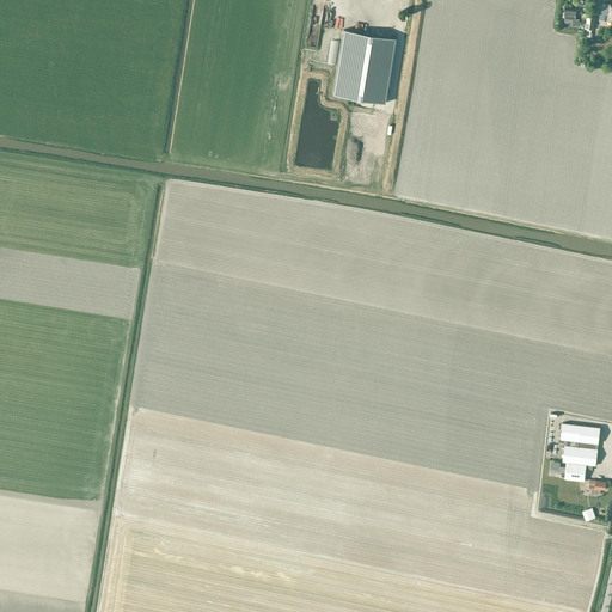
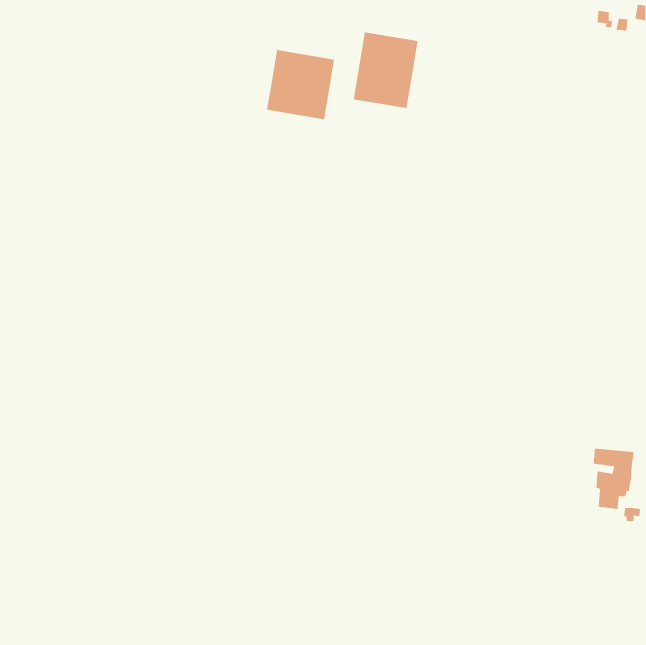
building: none -> [266,49,335,120]

